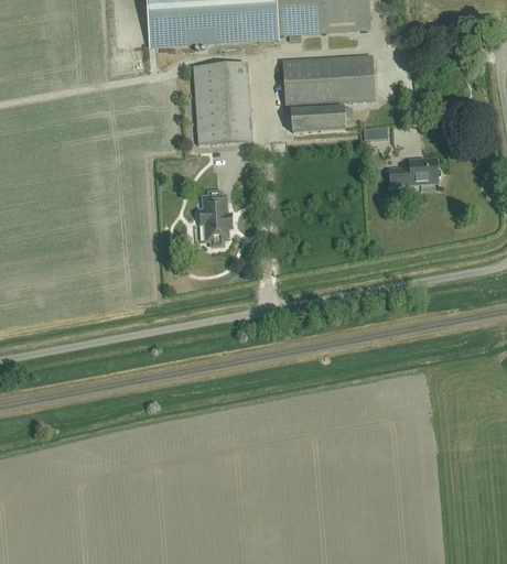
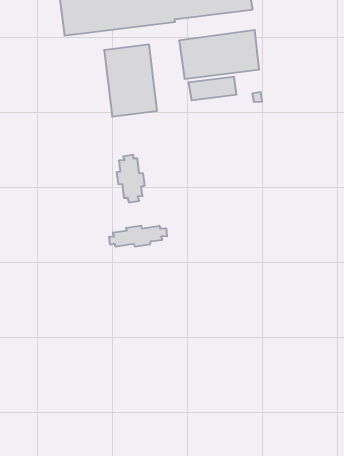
building: [389,158,440,185] -> none
building: none -> [109,226,167,247]

